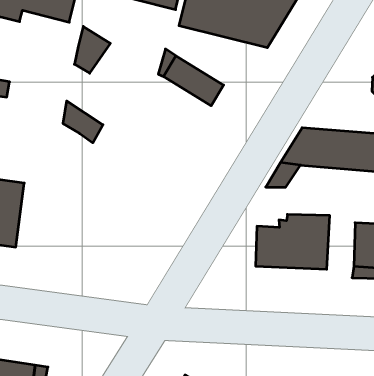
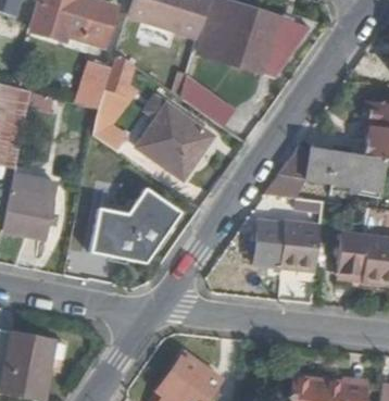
building: none -> [76,59,110,105]
building: none -> [138,102,209,176]
building: none -> [91,185,180,261]

